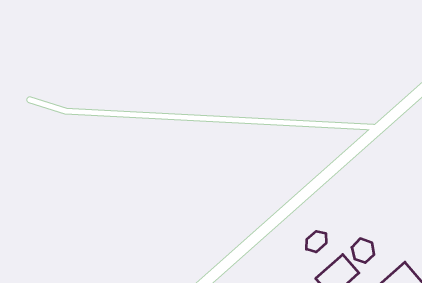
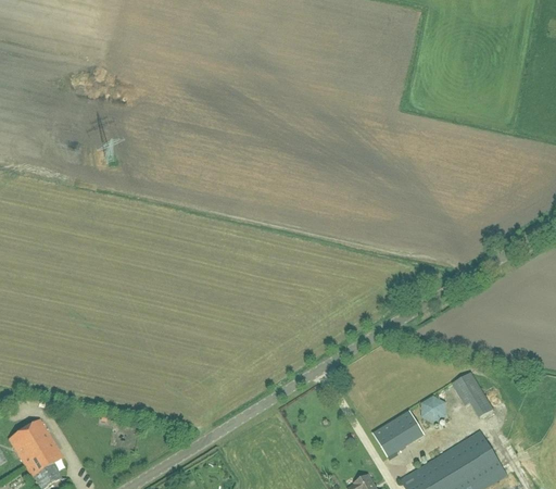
building: none -> [453,368,492,414]
building: [306,231,326,252] -> none

